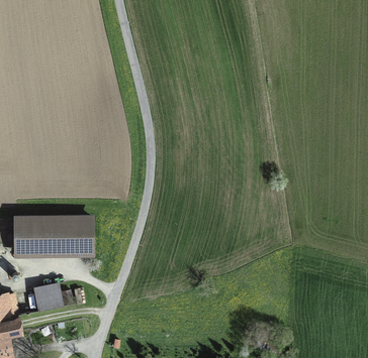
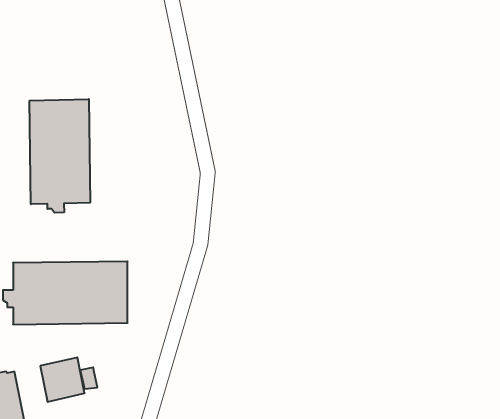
building: none -> [30,99,90,213]

